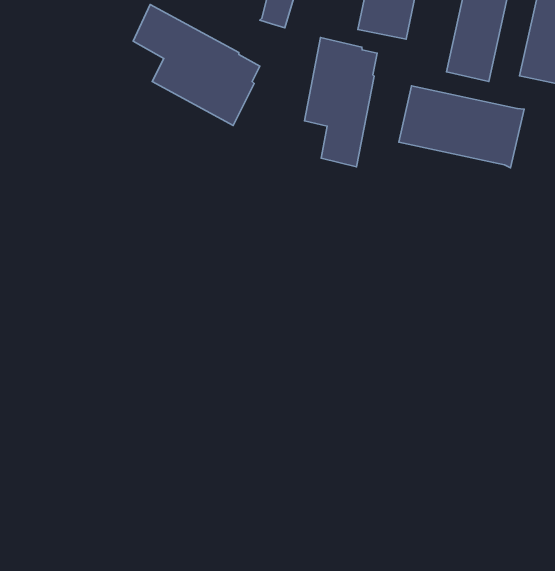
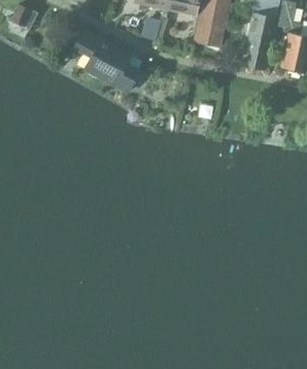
building: [305,38,377,167] -> none
building: [399,86,524,168] -> none

